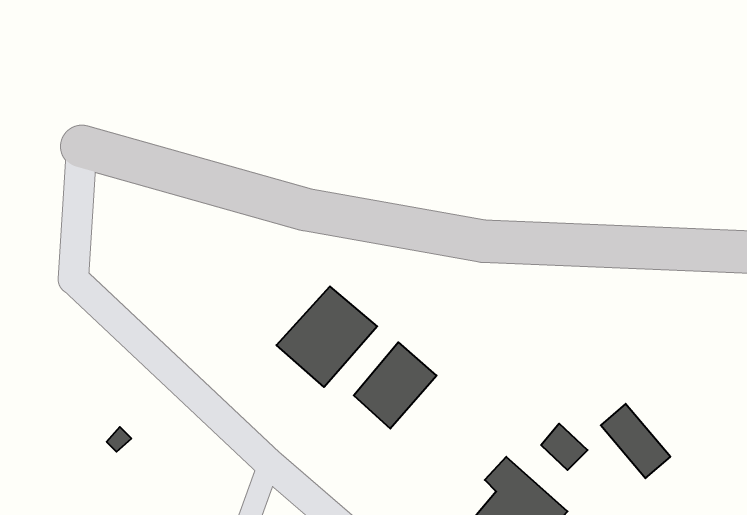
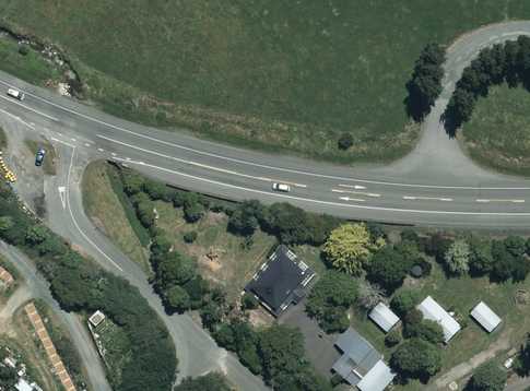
building: [276,286,377,387] -> none
building: none -> [470,300,500,331]

